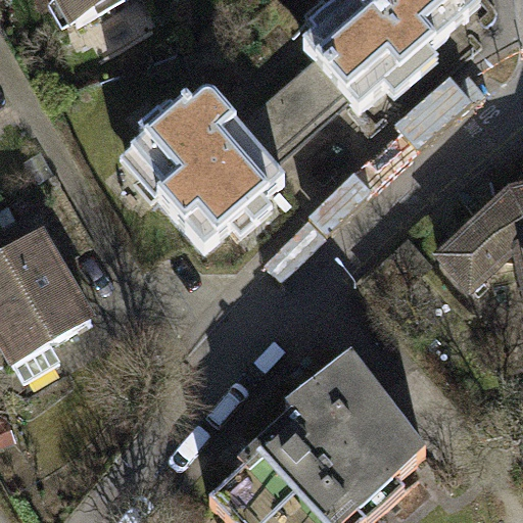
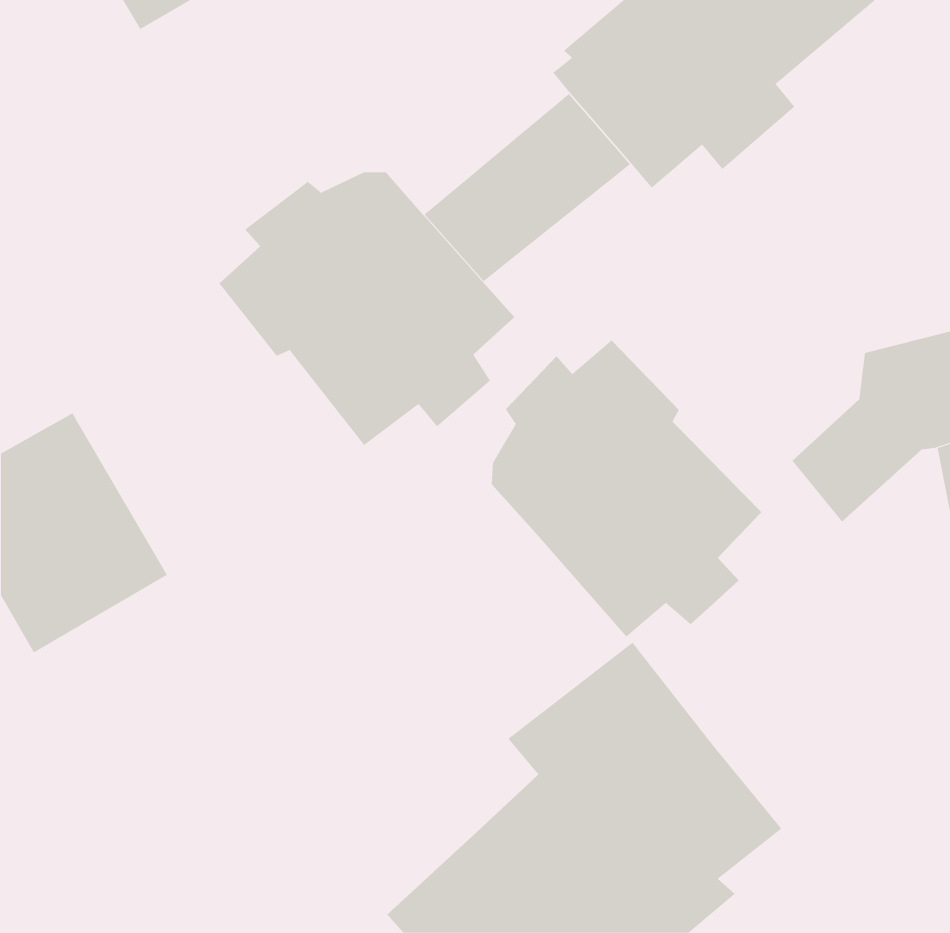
building: none -> [491,340,762,637]

